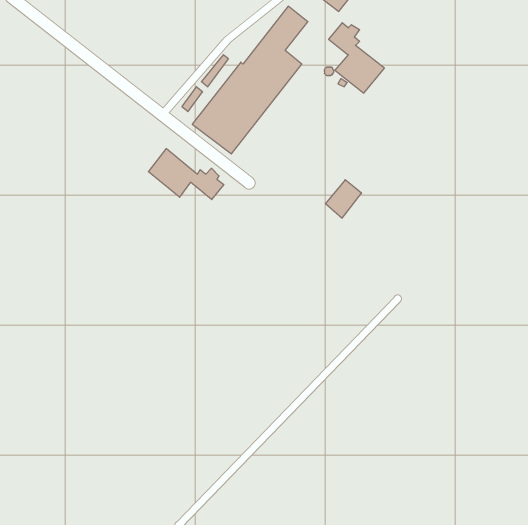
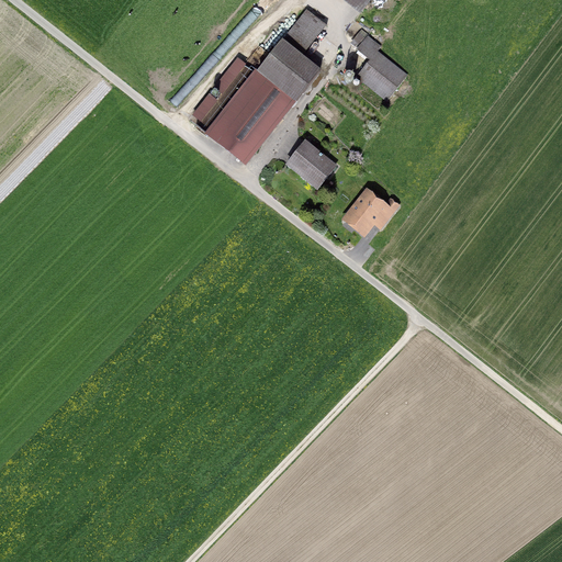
building: none -> [285,140,335,188]
building: [148,149,224,200] -> none

